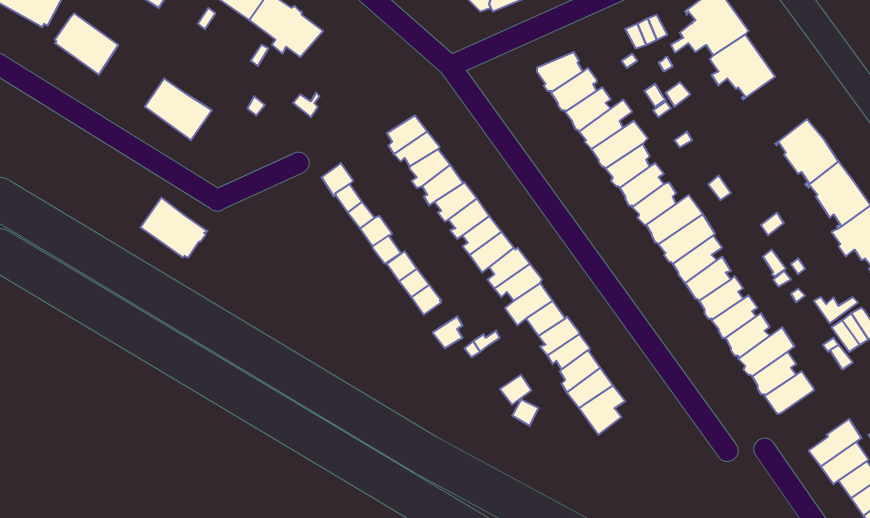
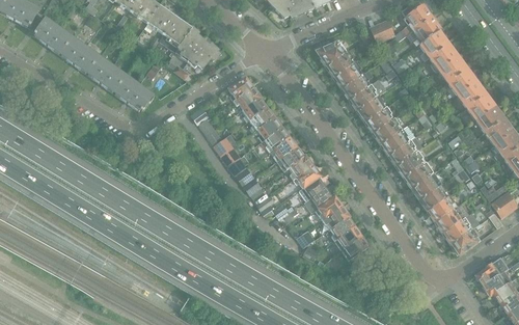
building: none -> [174,27,218,66]
building: none -> [59,35,98,72]
building: none -> [438,54,475,93]
building: [140,198,208,257] -> [113,74,153,109]

